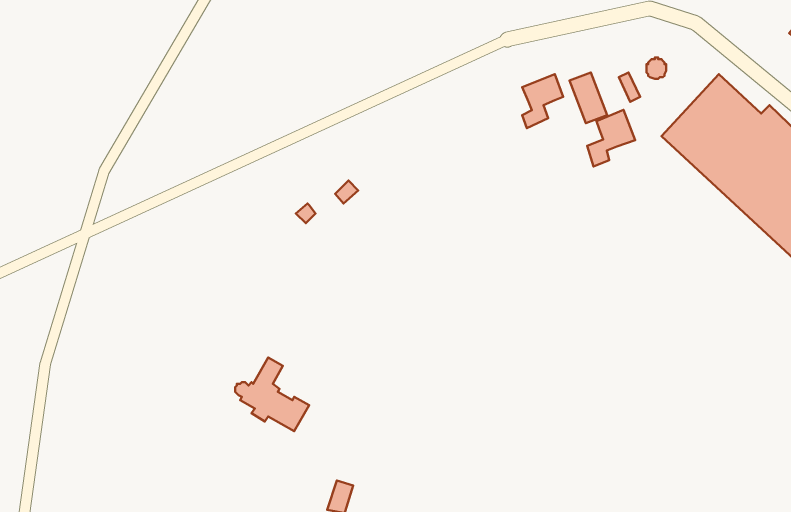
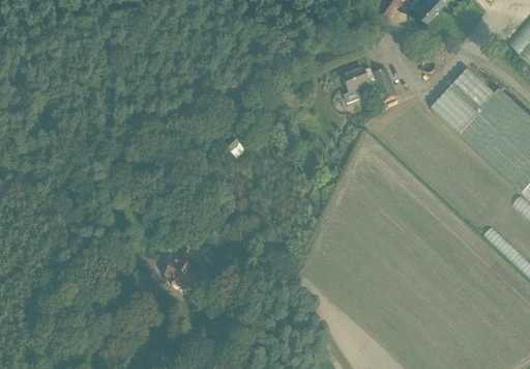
building: [587,110,635,166] -> none

